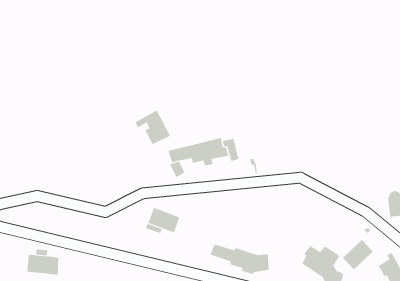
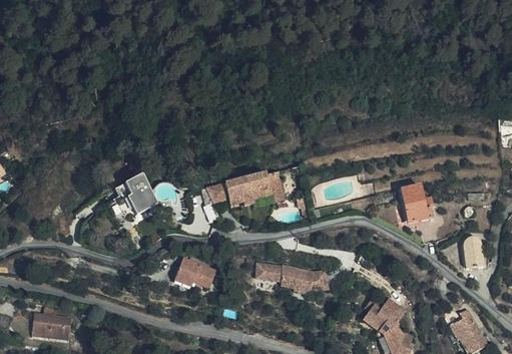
building: [135,110,171,145] -> [114,171,157,214]
building: none -> [399,184,433,222]
building: [342,239,374,270] -> none
building: [210,244,269,275] -> [253,263,325,300]

